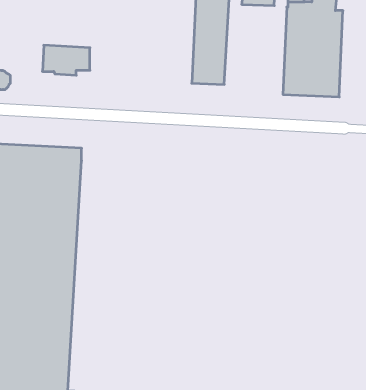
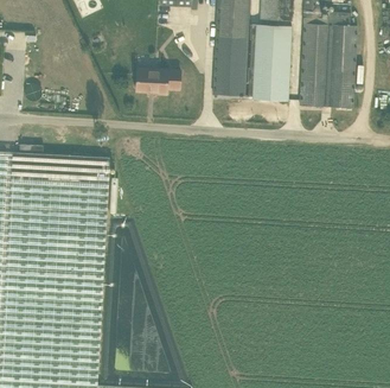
building: none -> [247,24,290,98]
building: [42,45,90,75] -> [134,65,179,94]

